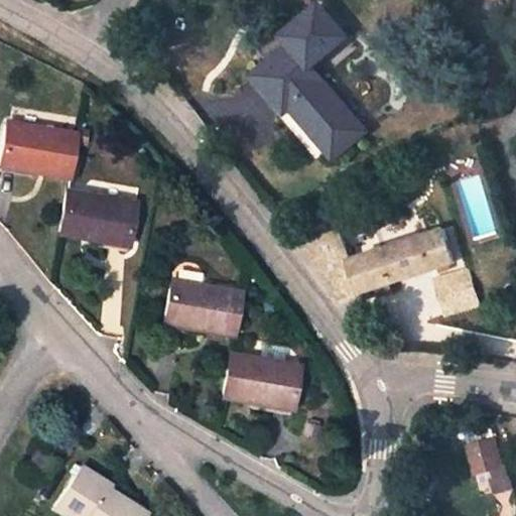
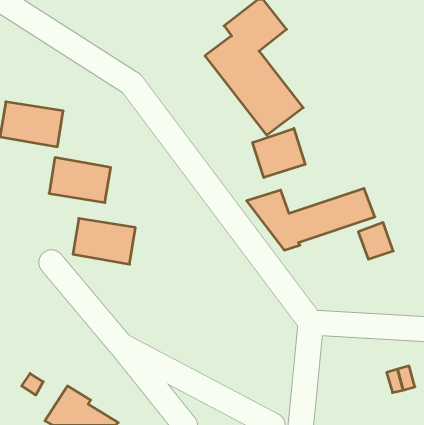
building: none -> [253,128,305,178]
building: [166,280,242,336] -> [73,218,135,264]
building: [225,344,299,408] -> none

